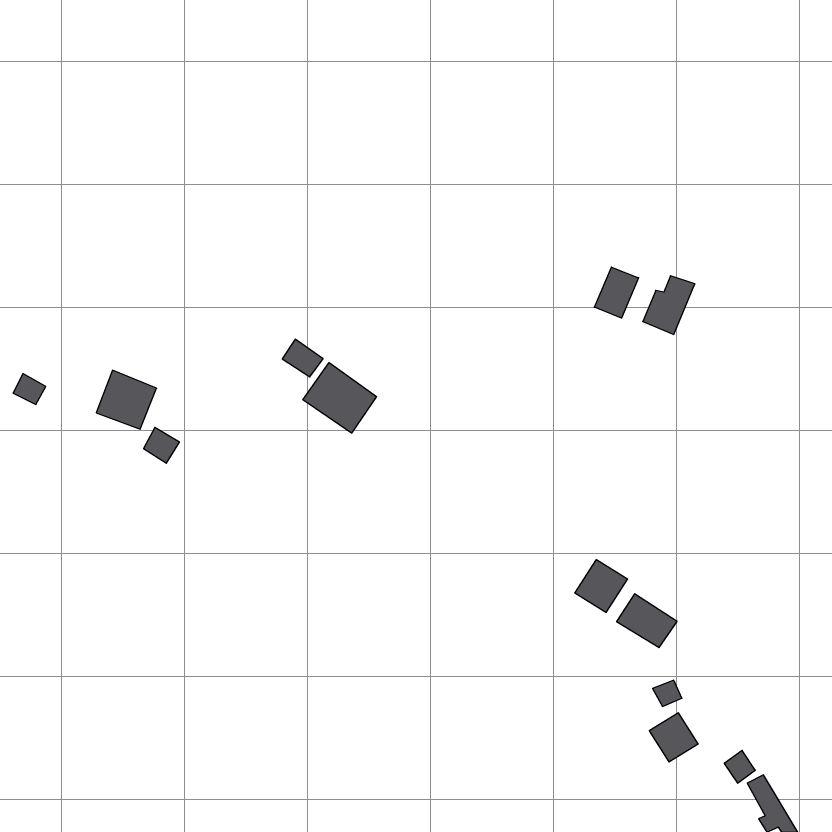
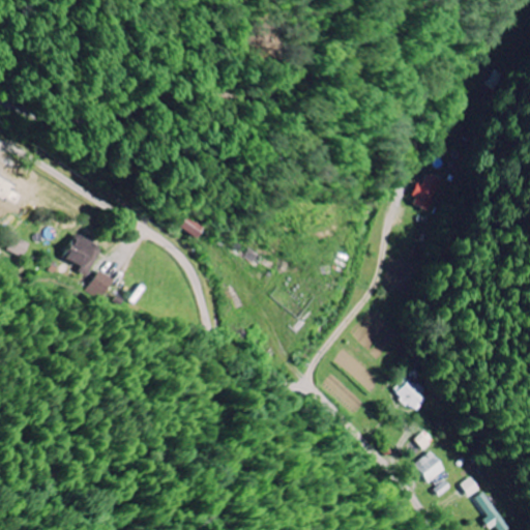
building: [594,267,639,318] -> none
building: [303,363,377,433] -> none
building: [575,560,628,612] -> none

